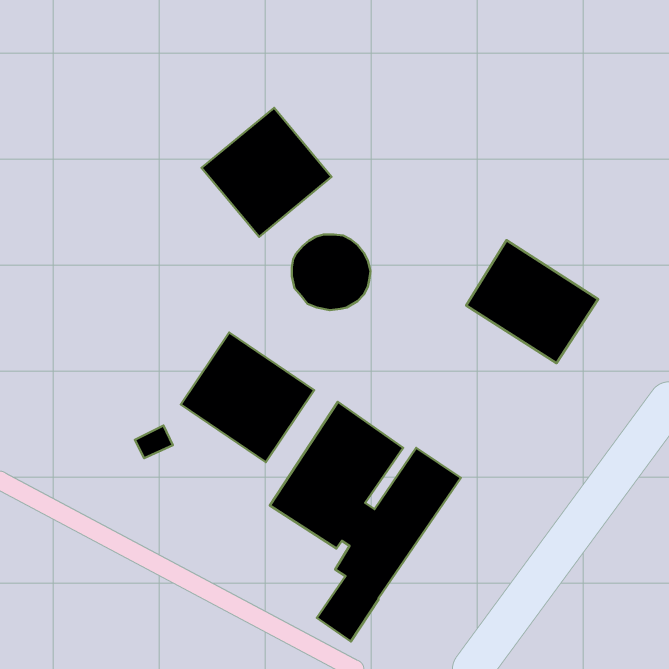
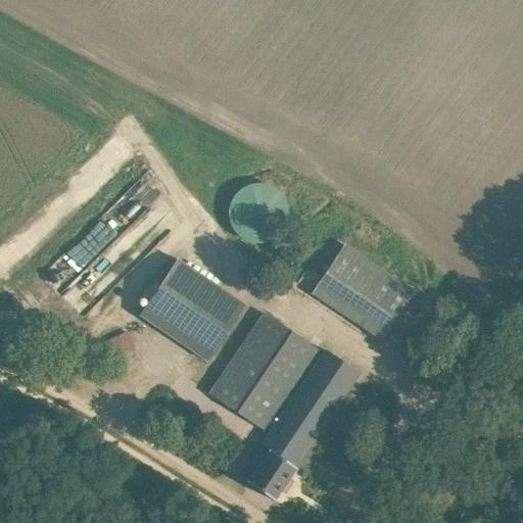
building: [202,108,332,237] -> none
building: [466,240,598,363] -> [312,242,415,338]

